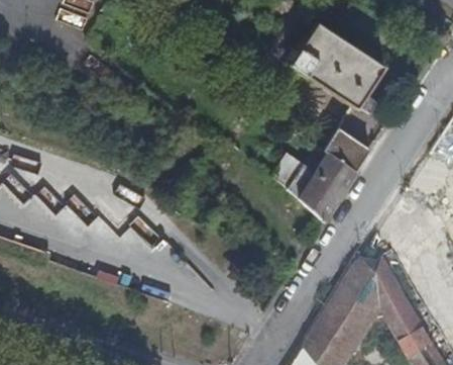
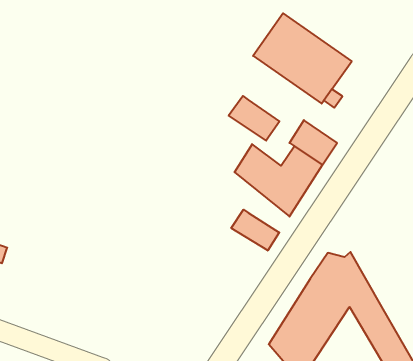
building: none -> [229,96,279,141]
building: none -> [231,210,279,251]

